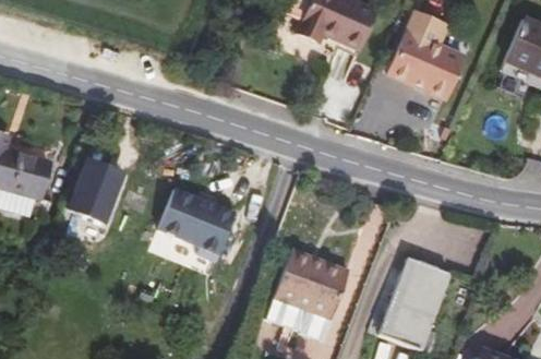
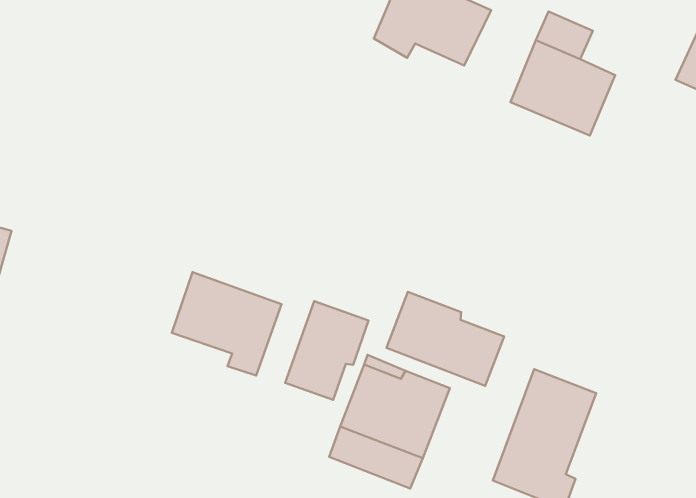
building: [67,159,122,223] -> none
building: none -> [386,292,504,386]
building: none -> [285,301,369,400]

